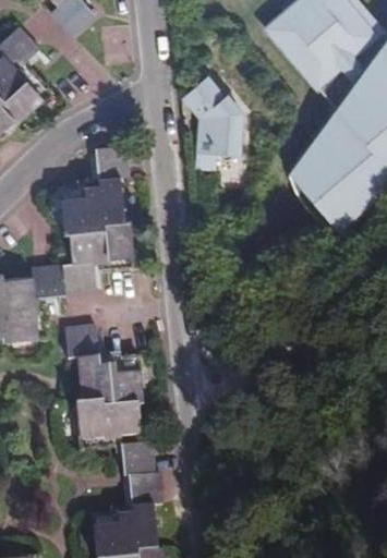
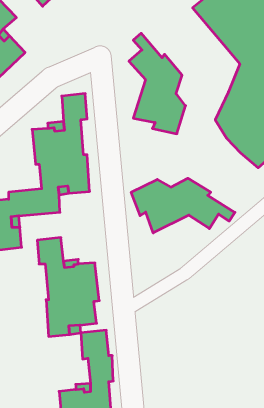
building: none -> [131,178,235,233]

